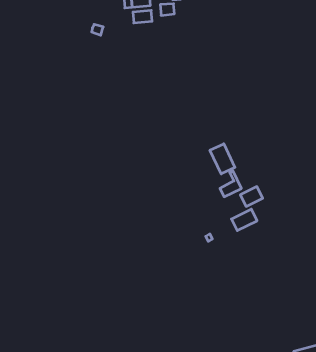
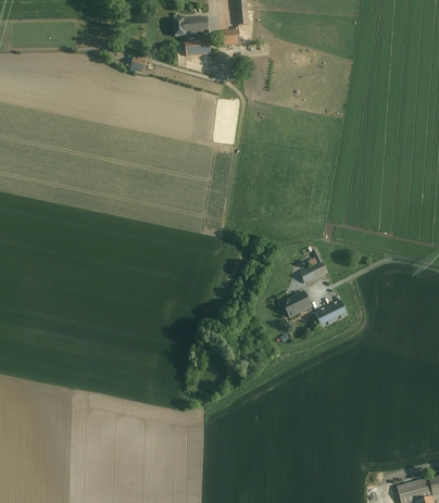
building: [210,144,235,174] -> none
building: [240,187,263,206] -> [281,290,311,316]

